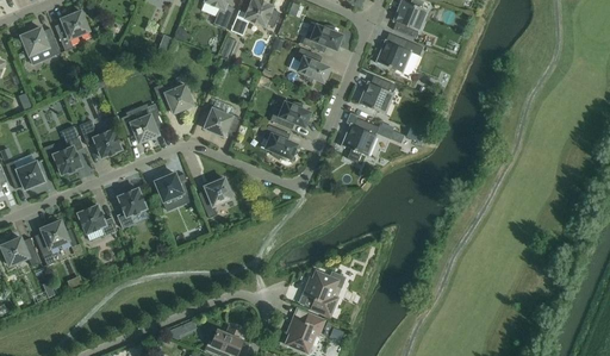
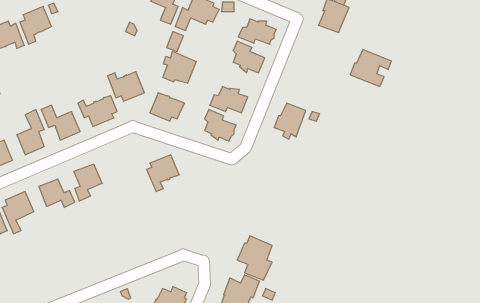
building: [376,33,423,75] -> [350,50,391,86]
building: none -> [163,51,196,83]
building: [359,75,396,113] -> none
building: [152,170,191,204] -> none

